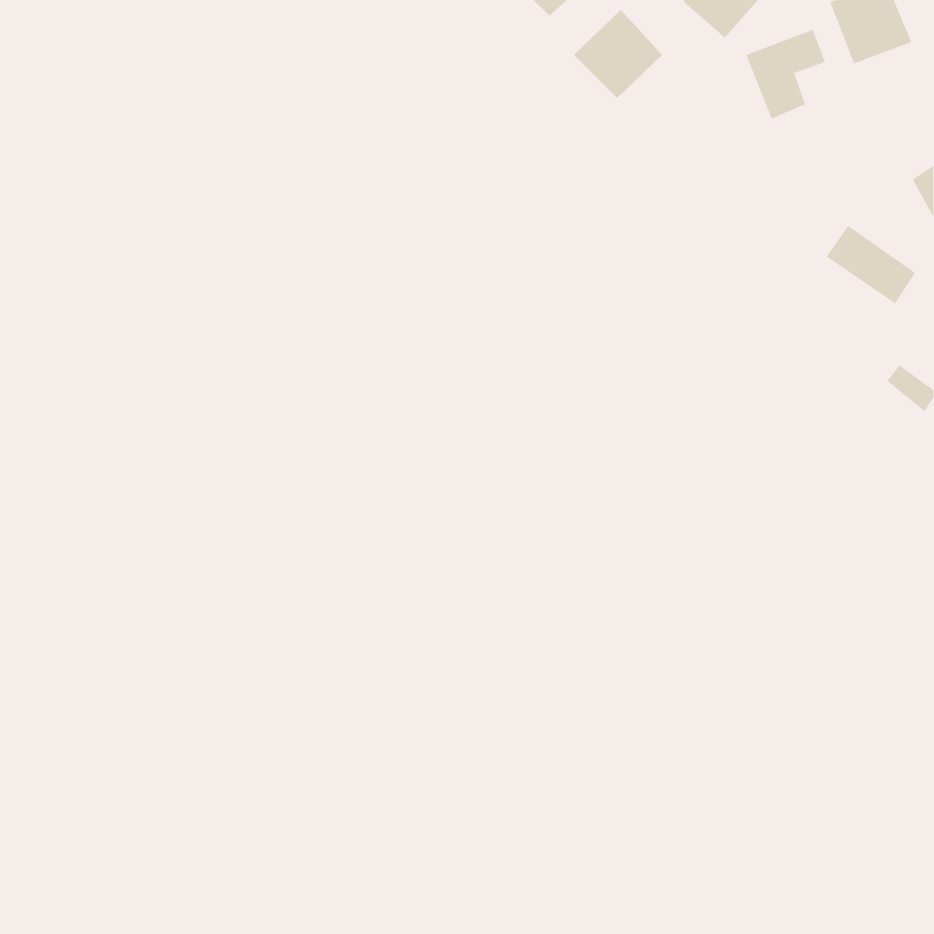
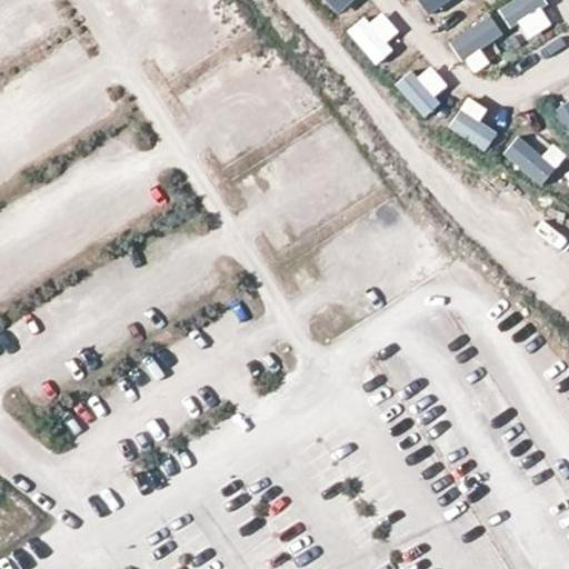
building: none -> [397,60,452,114]
building: none -> [448,96,497,150]

